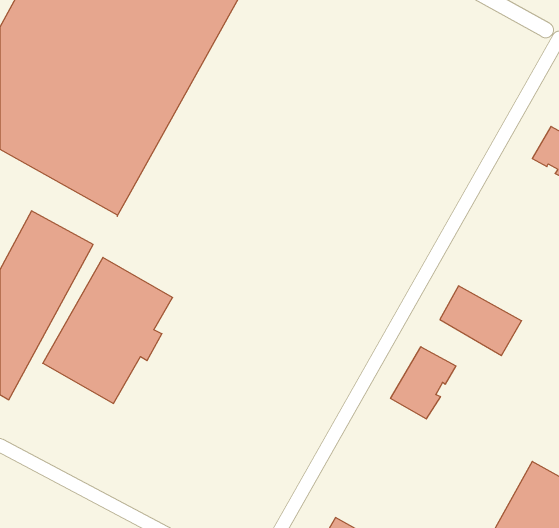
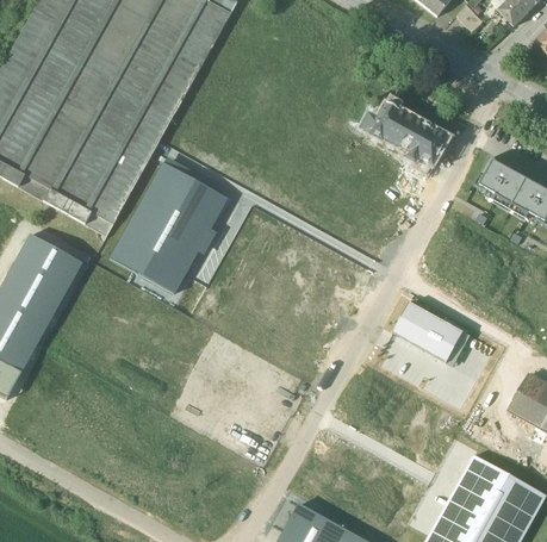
building: none -> [360,99,446,172]
building: [43,257,173,403] -> [110,162,225,292]
building: [391,347,456,419] -> none

